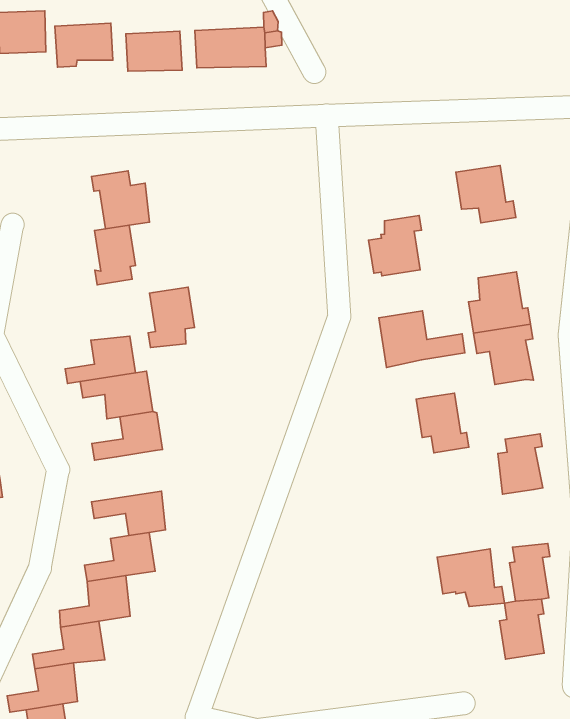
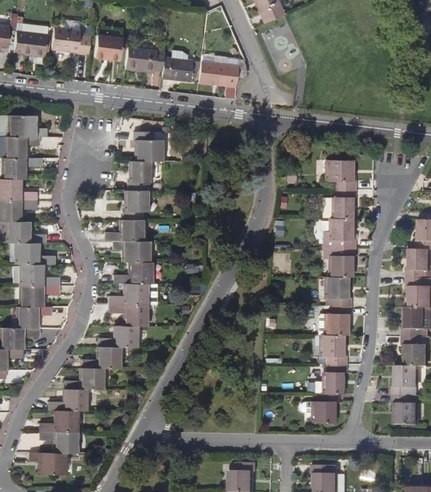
building: [369,215,422,276] -> [327,188,356,217]
building: [148,287,194,347] -> [122,189,147,219]
building: [379,311,465,368] -> none
building: [416,393,469,453] -> [327,275,351,305]
building: none -> [107,282,145,304]
building: [437,549,504,607] -> [314,334,346,364]

